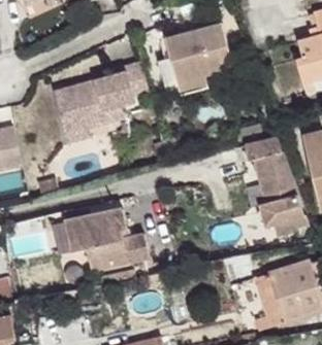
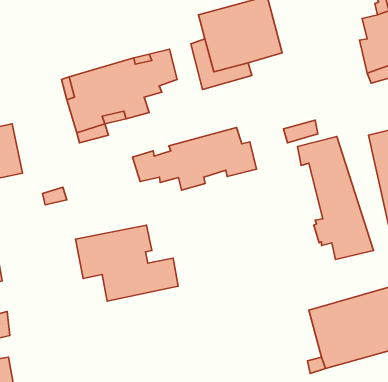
building: none -> [132,128,257,190]

